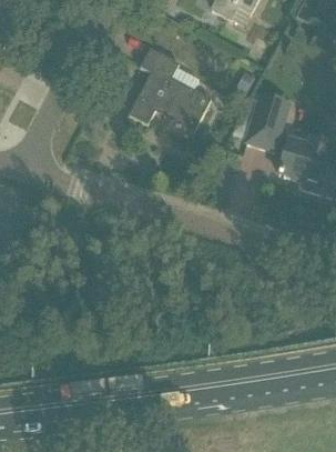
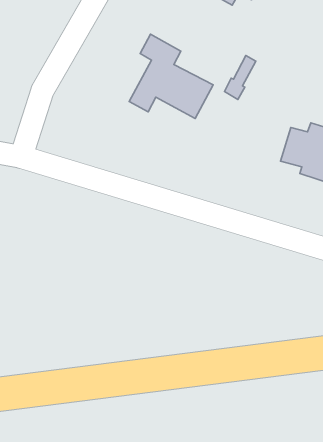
building: [246,94,287,149] -> none

